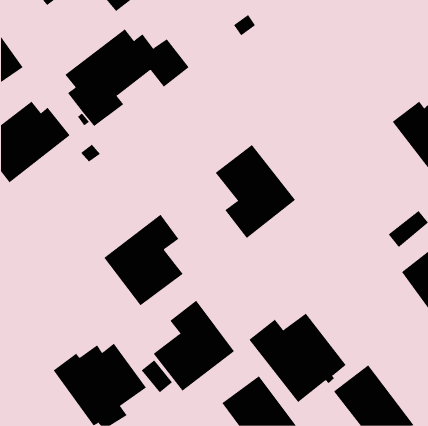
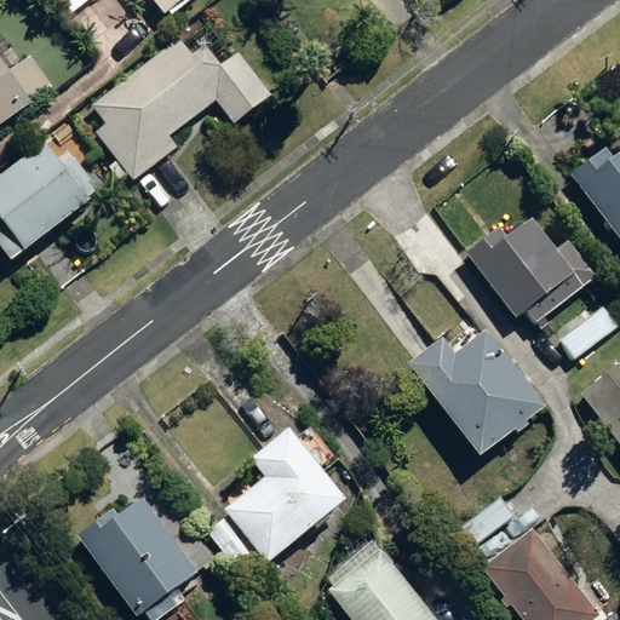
building: [215,144,296,239] -> none
building: none -> [465,212,596,321]
building: [104,214,183,306] -> none
building: [248,313,347,403] -> [403,328,545,458]

